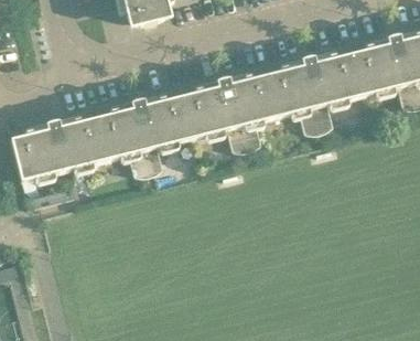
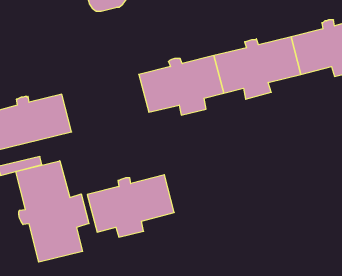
building: [95,94,192,163] -> [87,175,174,237]
building: none -> [16,161,89,262]

